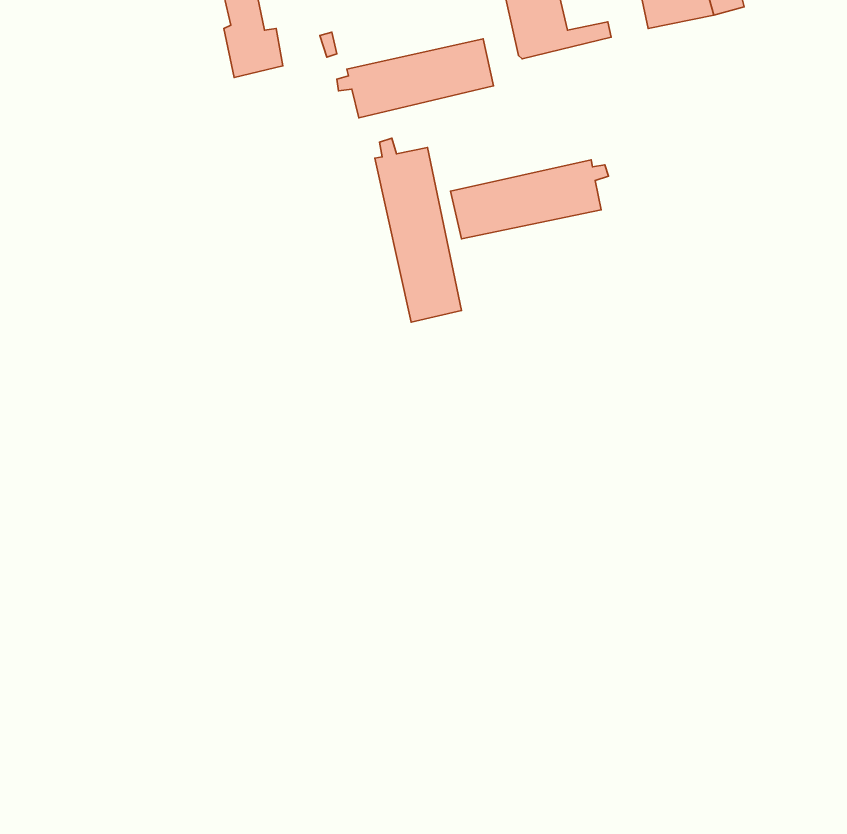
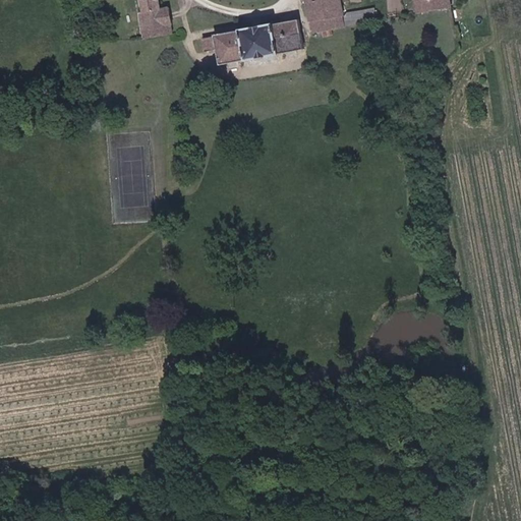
building: [375,138,462,322] -> none
building: [450,160,608,239] -> none

